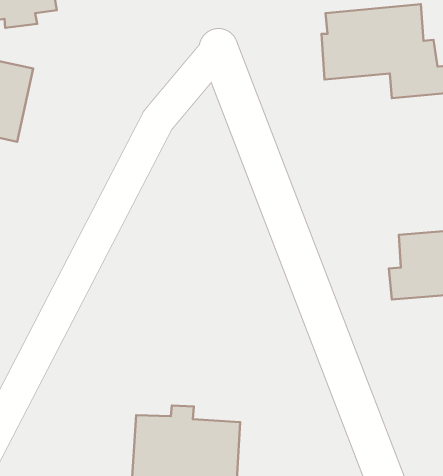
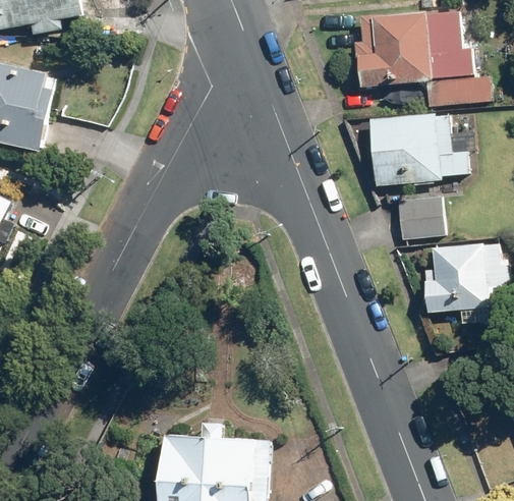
building: none -> [368,112,468,185]
building: none -> [396,196,444,241]

